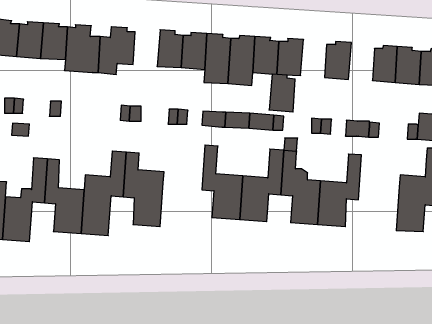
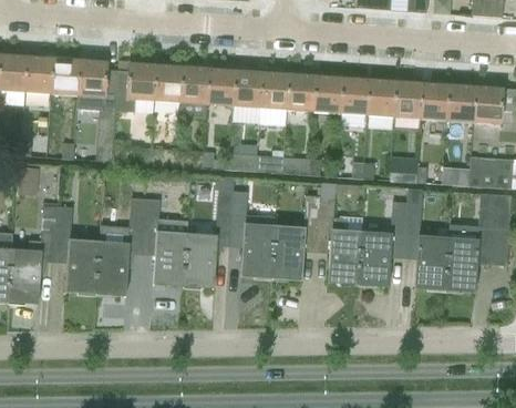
building: none -> [154,62,184,104]
building: none -> [393,78,422,120]
building: [269,74,295,112] -> [340,74,369,116]
building: none -> [404,190,450,287]
building: none -> [184,191,234,285]

